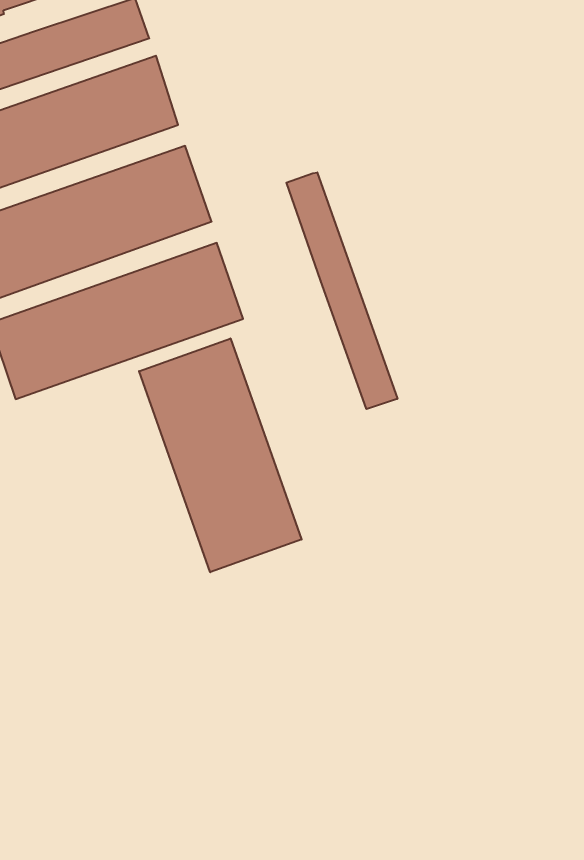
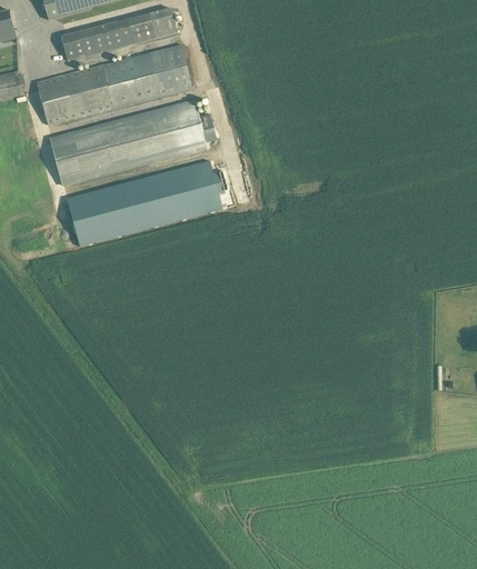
building: [286,172,397,409] -> none
building: [139,338,302,572] -> none

